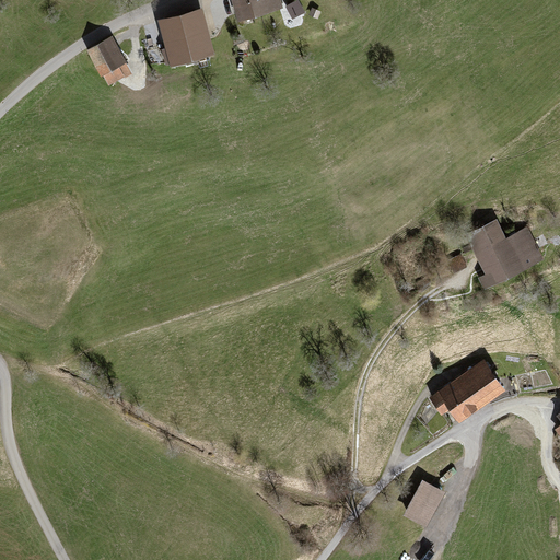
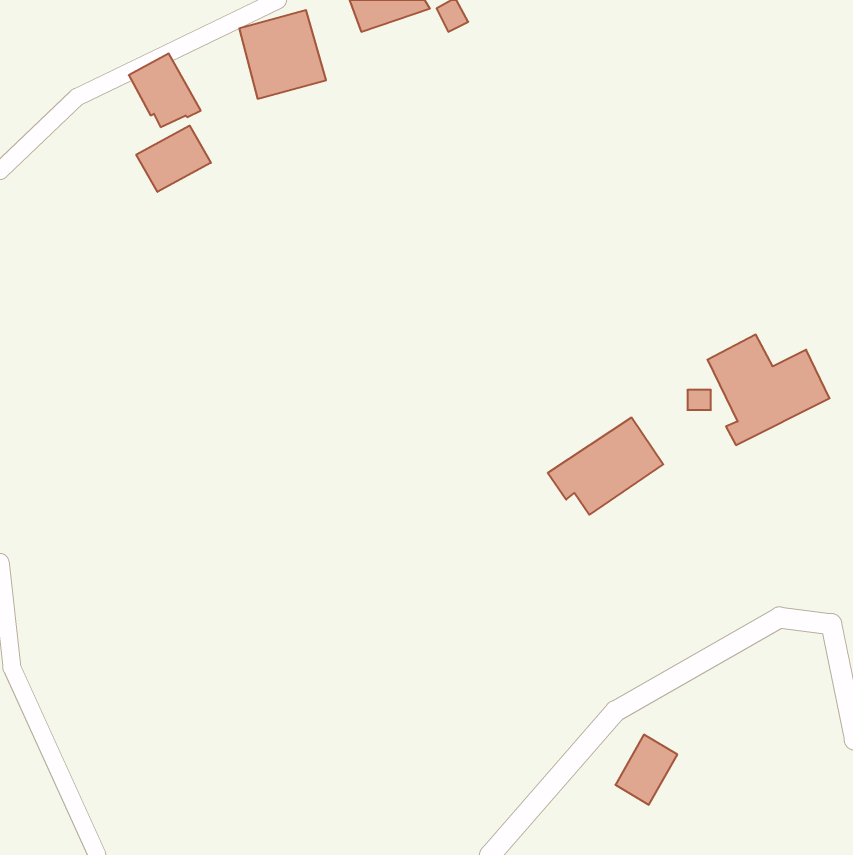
building: none -> [136,126,211,192]
building: [428,362,503,425] -> [548,418,663,515]

